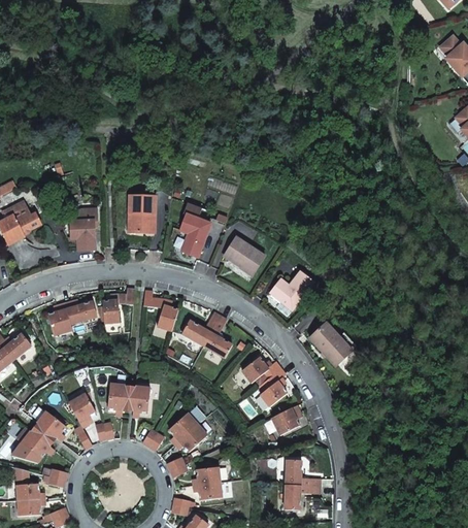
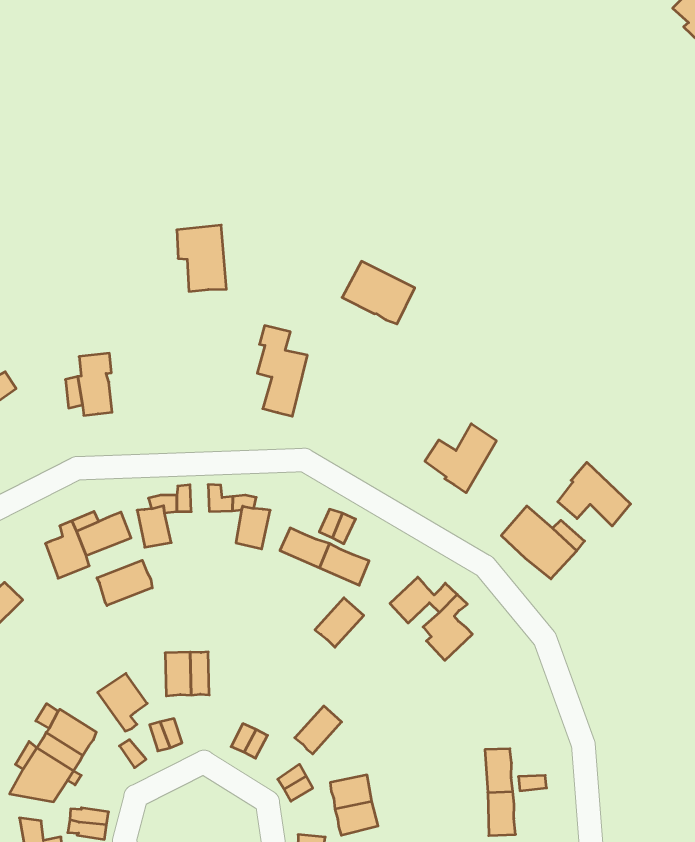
building: [128,196,155,233] -> [177,225,226,291]
building: [222,237,264,275] -> [342,261,415,324]
building: none -> [558,462,631,526]
building: none -> [97,560,152,606]
building: [132,387,149,414] -> none
building: [271,405,299,435] -> none
building: [168,414,197,441] -> [315,598,364,647]

